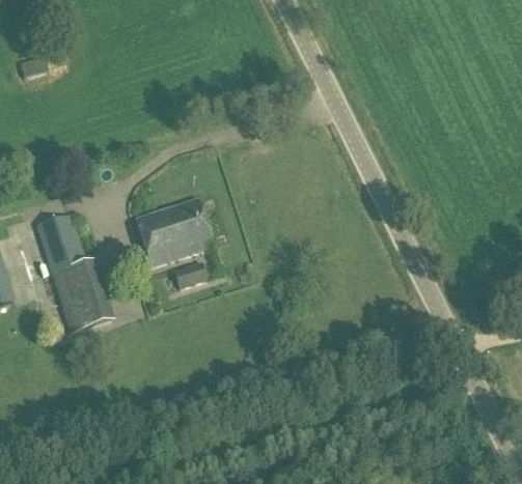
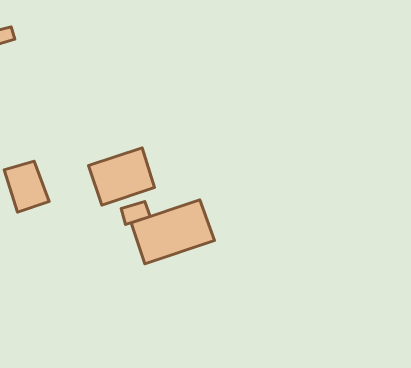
building: none -> [131,200,214,264]
building: [52,260,112,332] -> none

